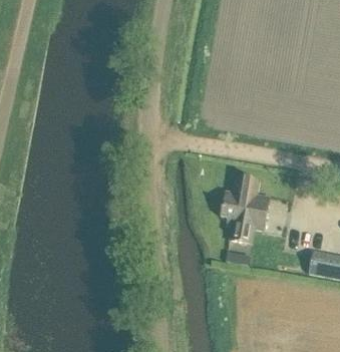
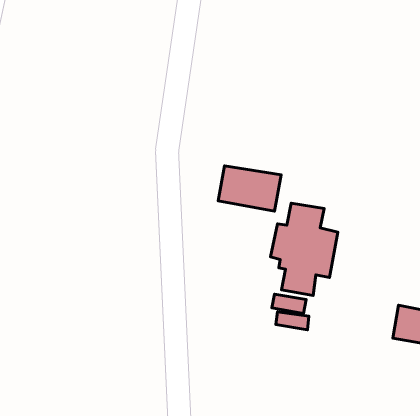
building: none -> [218,166,281,211]

